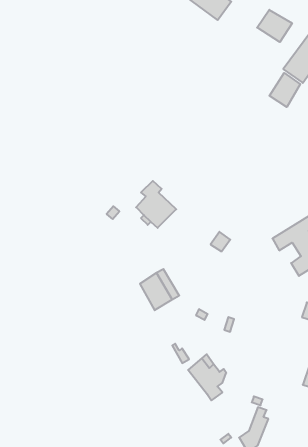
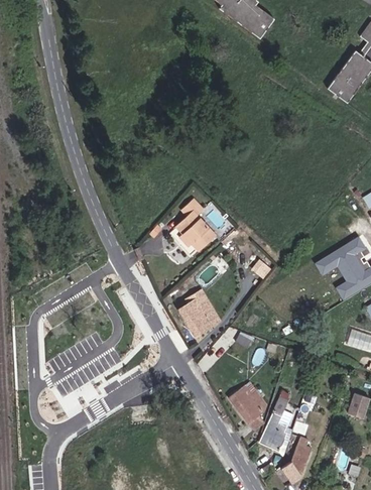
building: [257,10,292,42] -> none
building: [269,73,300,107] -> none
building: none -> [260,398,290,450]

